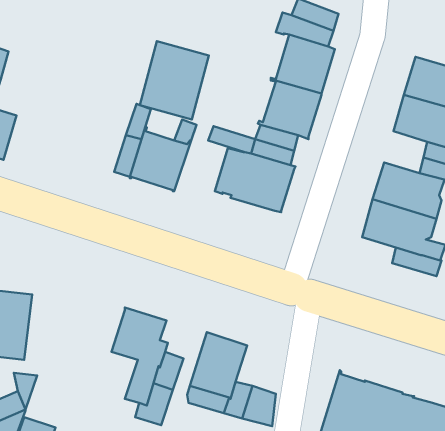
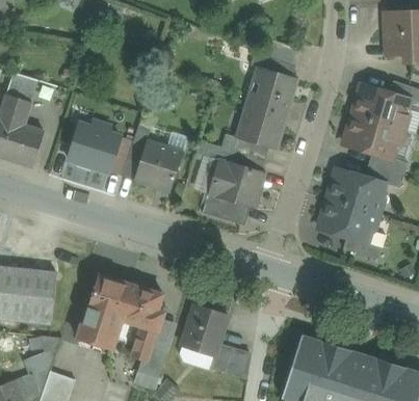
building: [140,41,209,119] -> [72,111,127,173]
building: none -> [202,192,248,224]
building: none -> [77,275,129,349]

